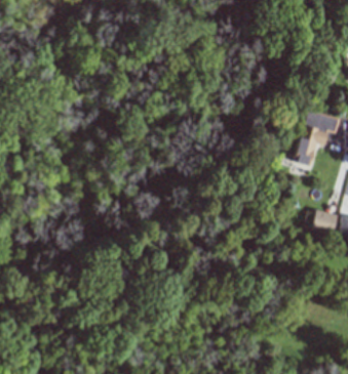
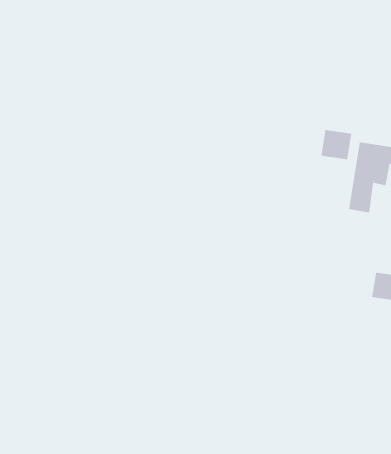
building: none -> [320,129,352,160]

